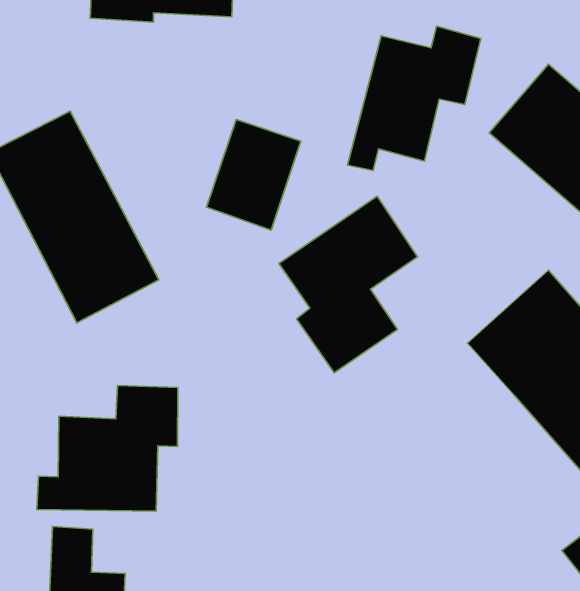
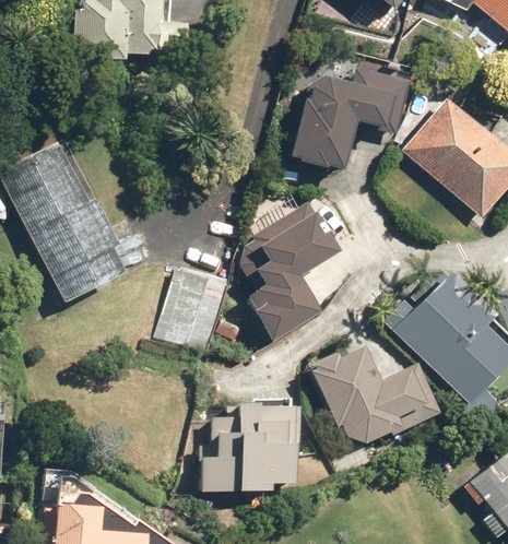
building: [206,120,301,230] -> [152,265,228,355]
building: none -> [310,339,442,445]
building: [37,385,178,511] -> none
building: none -> [197,402,303,490]

